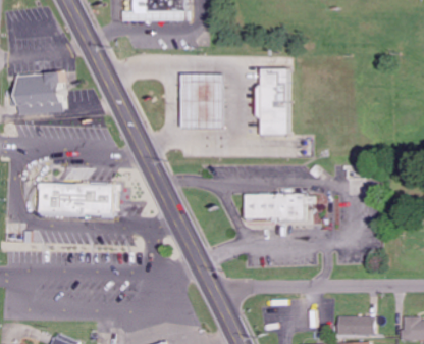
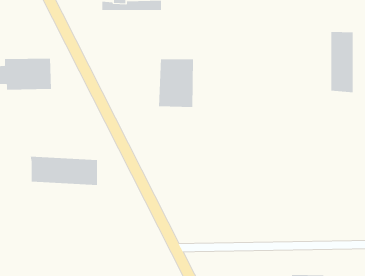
building: [262,68,287,137] -> [331,31,353,93]
building: [247,194,313,223] -> none

